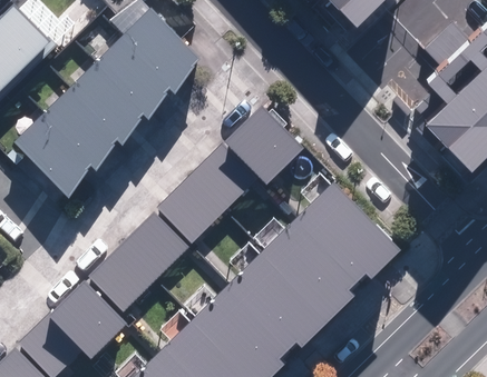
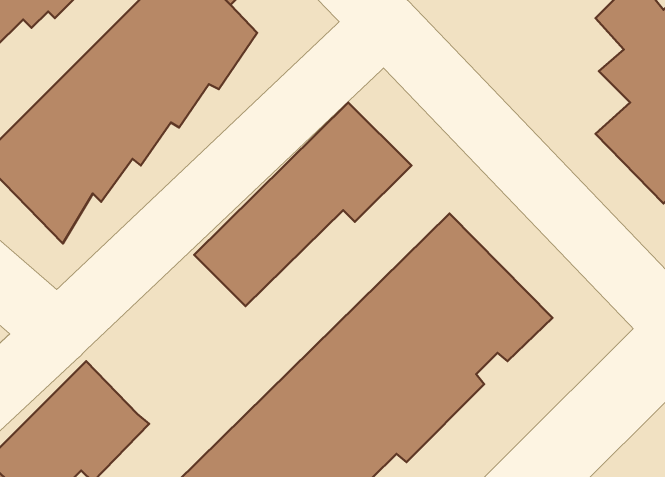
building: [85,208,192,315] -> none

